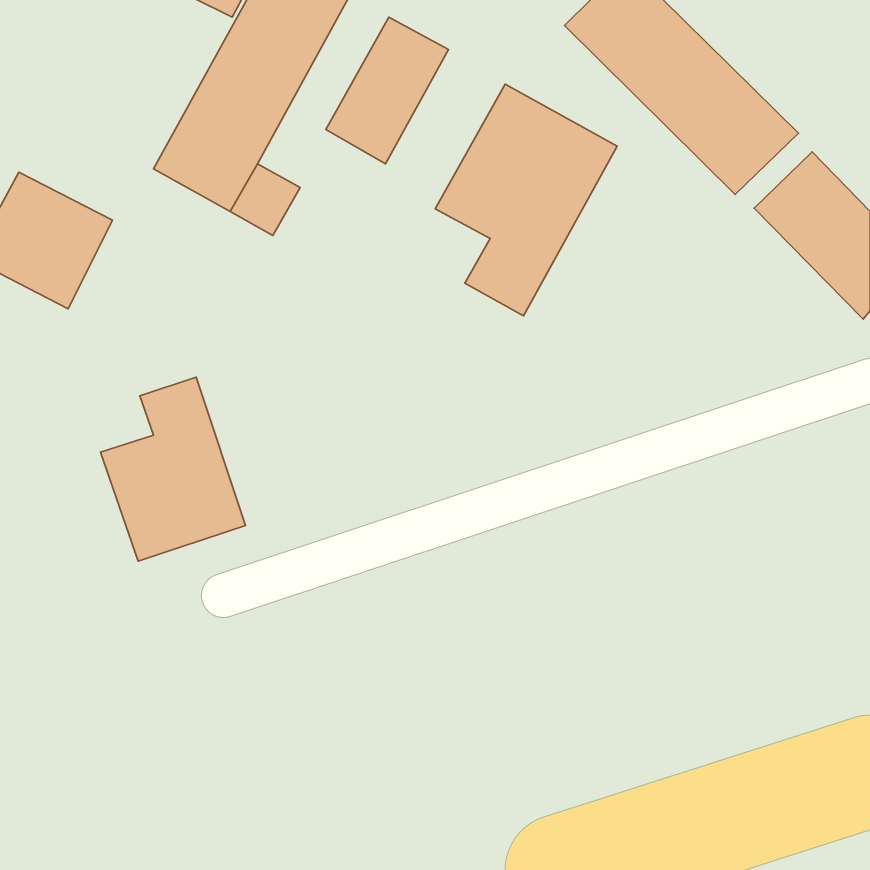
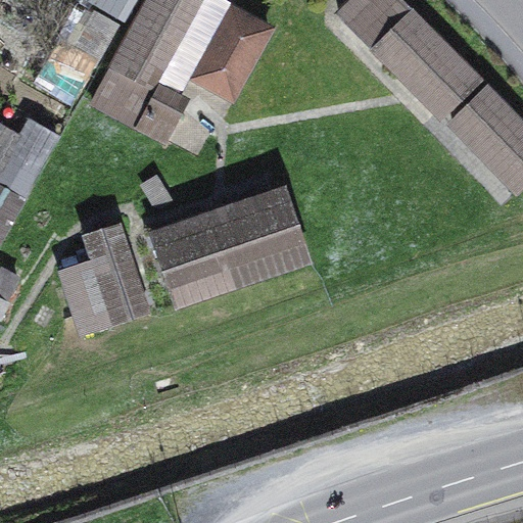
building: [435,84,617,316] -> none
building: none -> [153,190,306,305]

